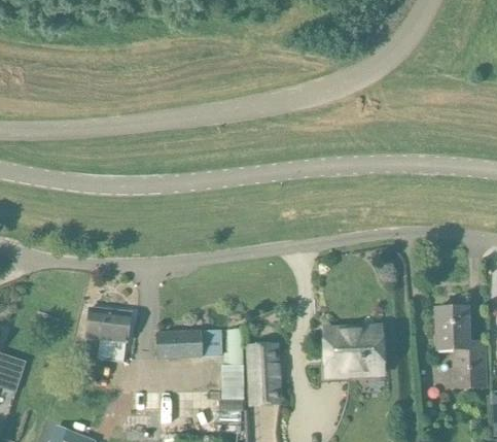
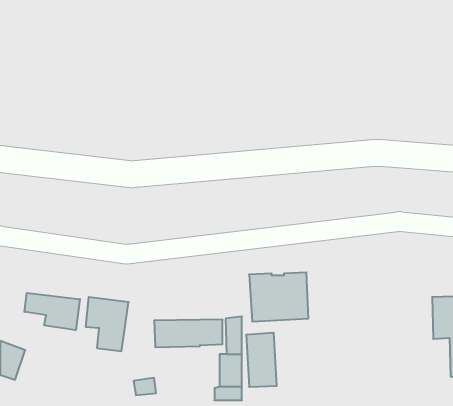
building: none -> [24,293,80,330]
building: [323,326,383,375] -> [249,272,308,321]

